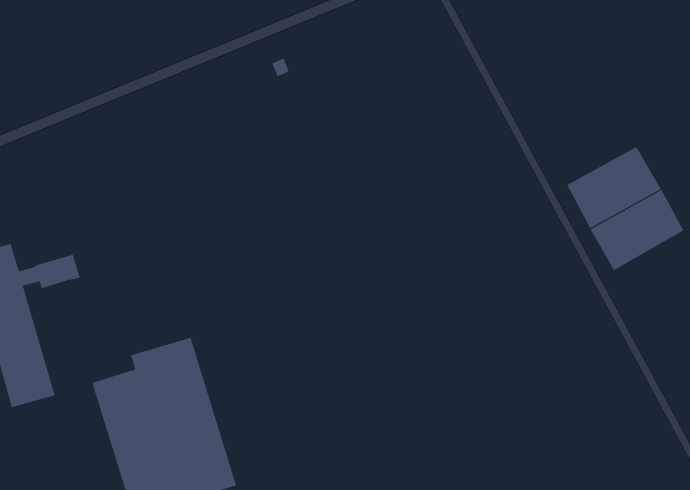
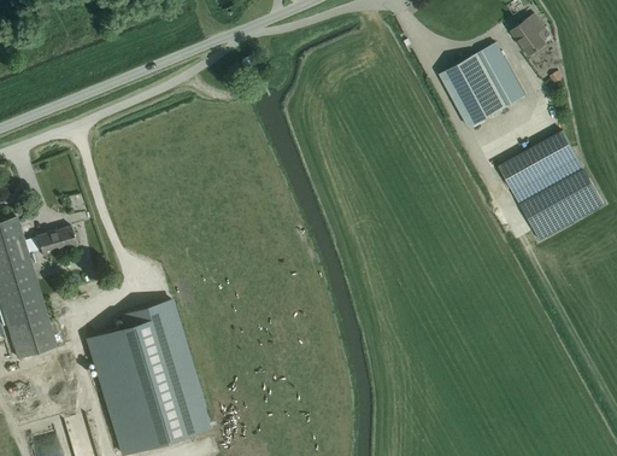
building: none -> [510,14,545,55]
building: none -> [439,42,524,127]

